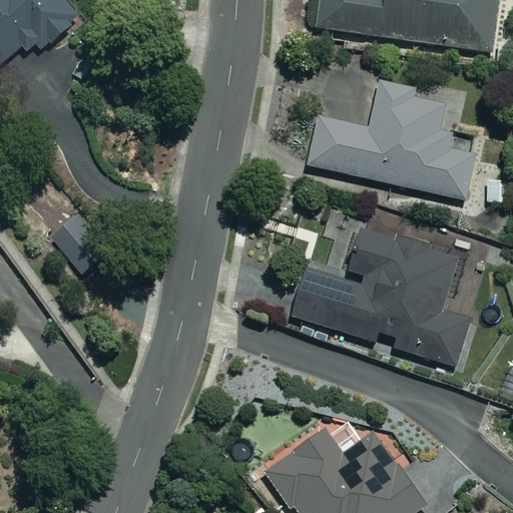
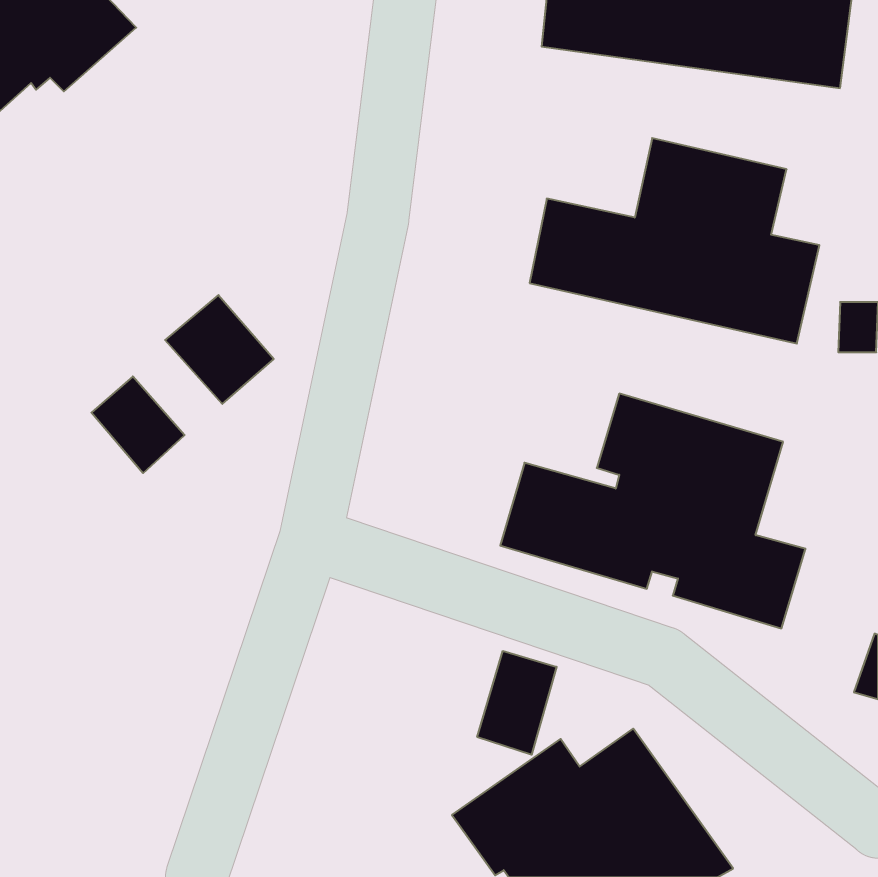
building: none -> [165,295,274,404]
building: none -> [477,651,557,755]

